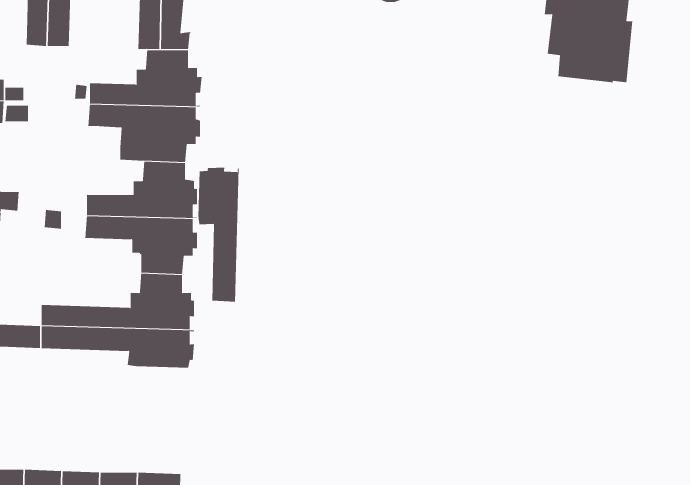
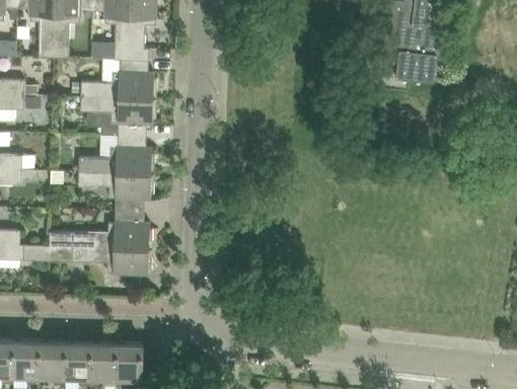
building: [198,167,239,302] -> none

